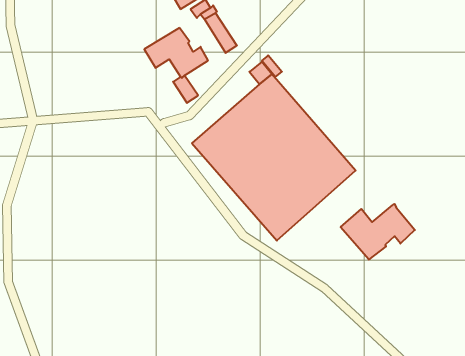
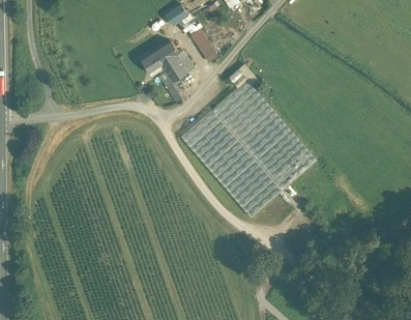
building: [341,204,415,260] -> none

